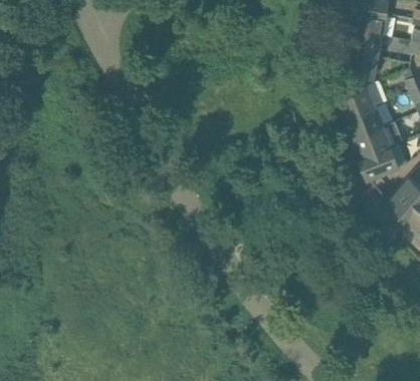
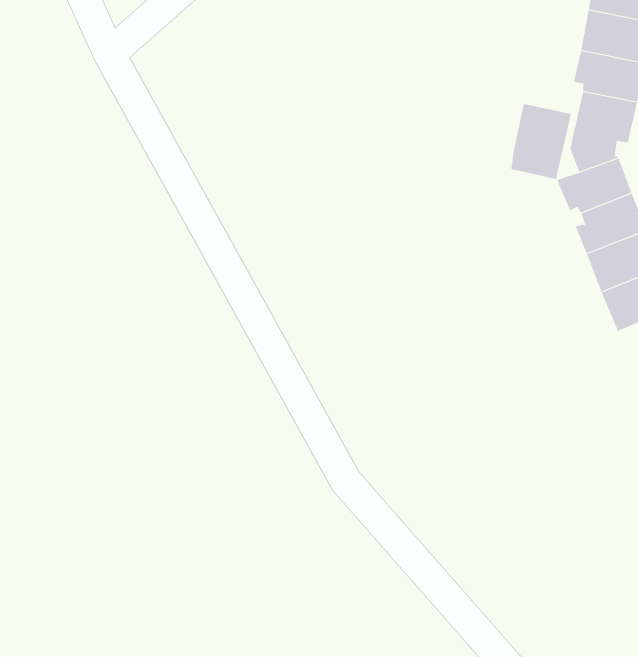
building: none -> [511,103,572,180]

